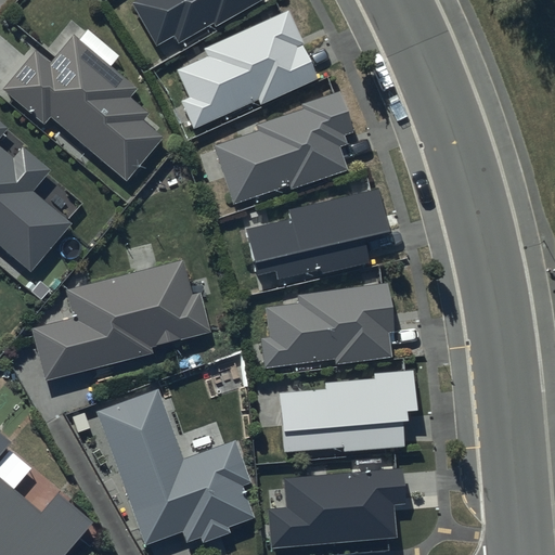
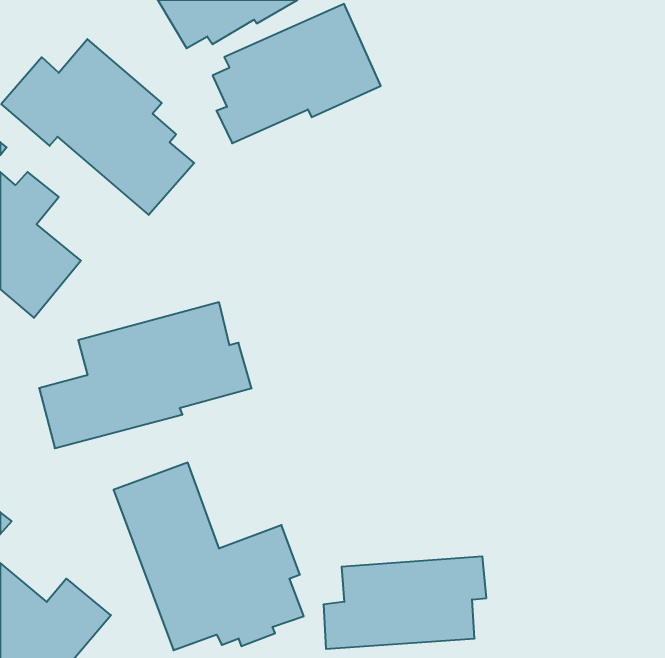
building: [215,92,351,203] -> none
building: [246,188,387,279] -> none
building: [262,284,392,367] -> none
building: [280,370,416,450] -> none

